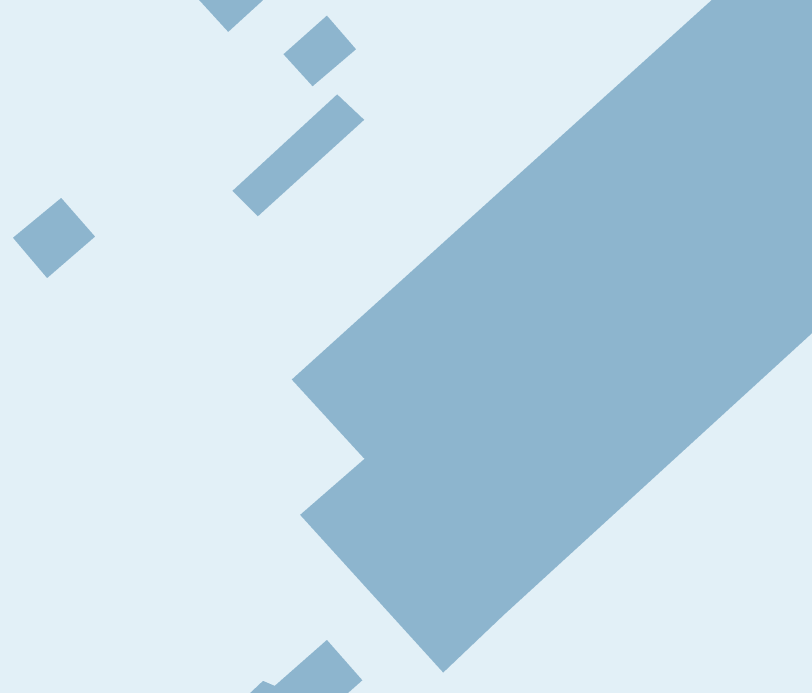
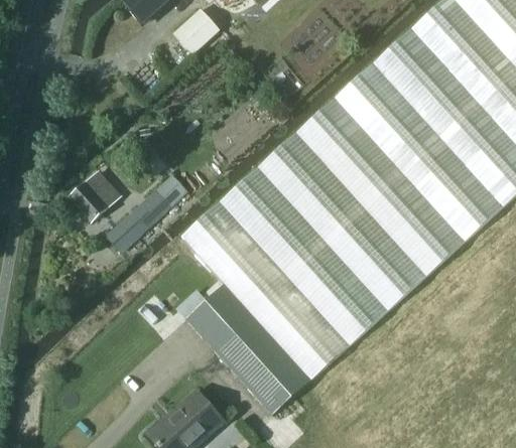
building: [231,93,365,217] -> [106,175,187,251]
building: [12,197,96,279] -> [70,171,121,221]

